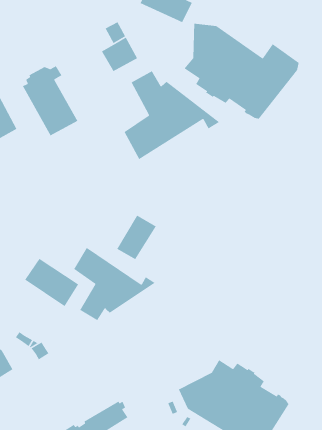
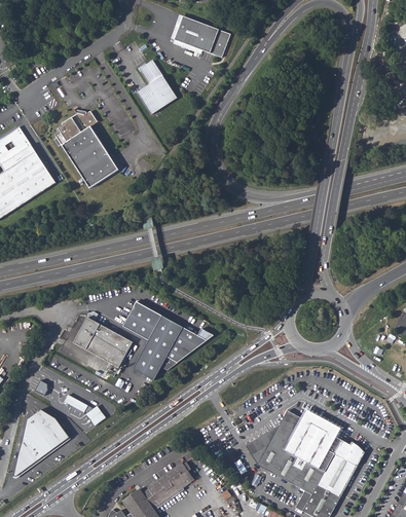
building: [184,23,300,120] -> none
building: [123,70,220,160] -> none
building: [116,214,157,260] -> none

